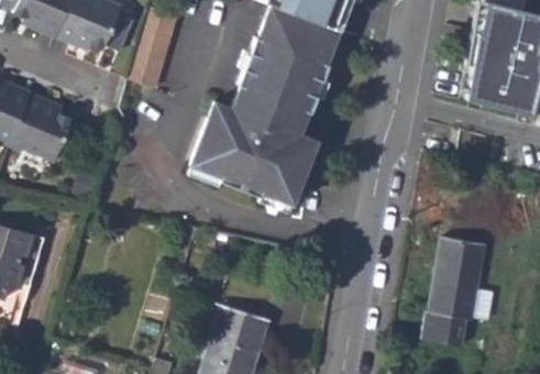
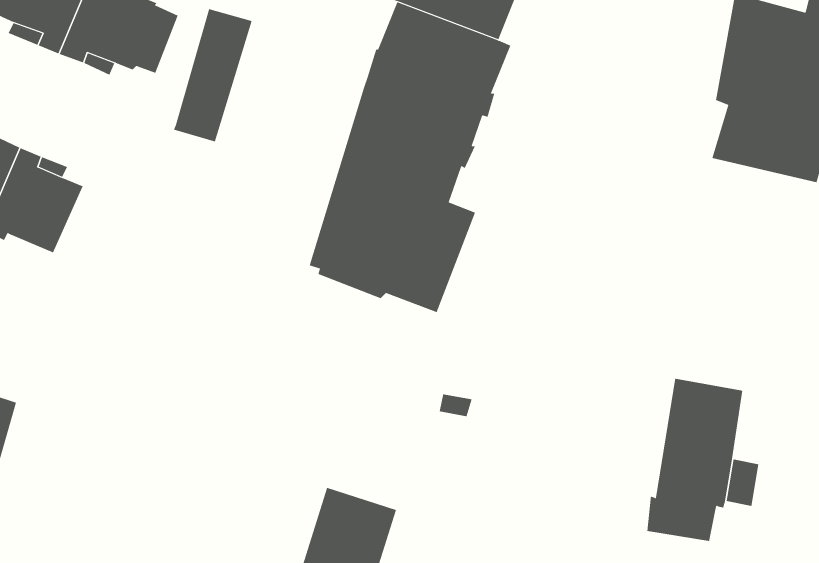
building: [187,58,249,169] -> none

